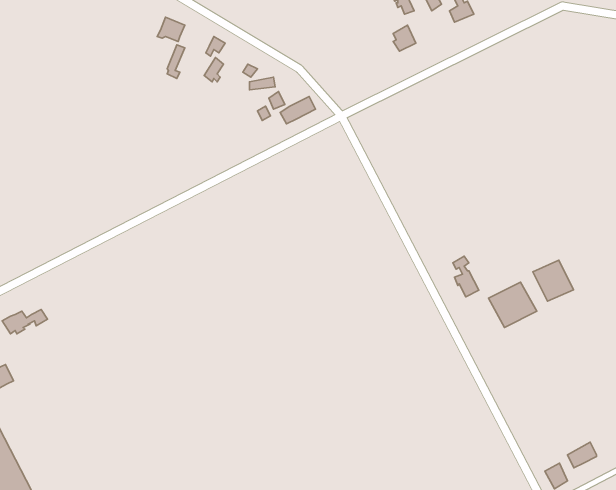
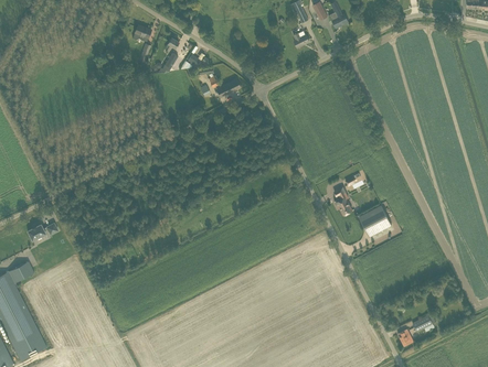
building: [533,260,574,301] -> none

